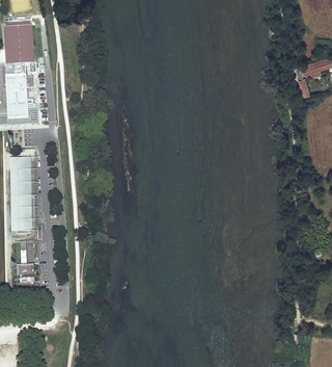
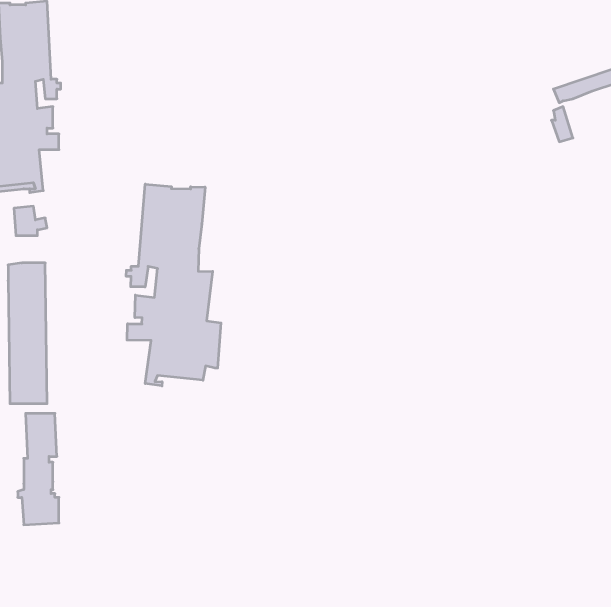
building: none -> [126,184,221,386]

